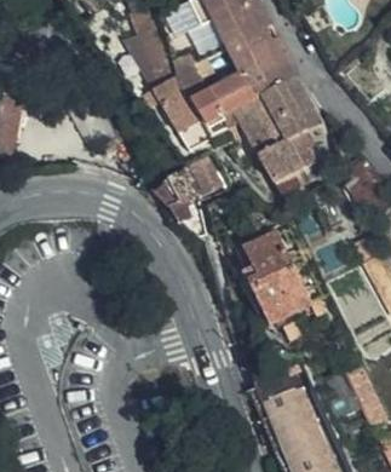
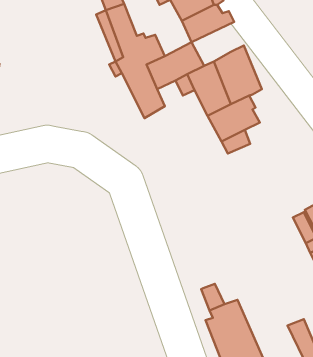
building: [238,47,298,97] -> none
building: [154,159,230,211] -> none
building: [242,235,310,326] -> none

